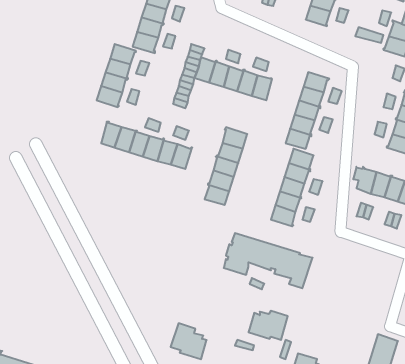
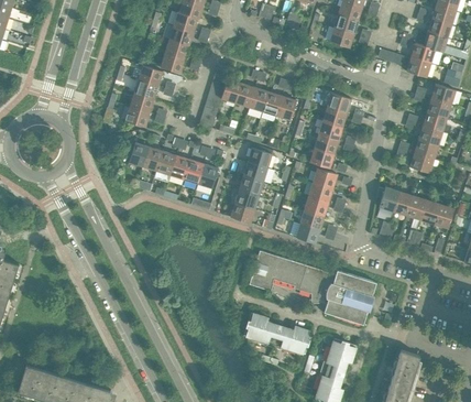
building: none -> [324,270,376,324]
building: none -> [321,338,357,373]
building: [171,323,207,359] -> [243,312,278,347]

